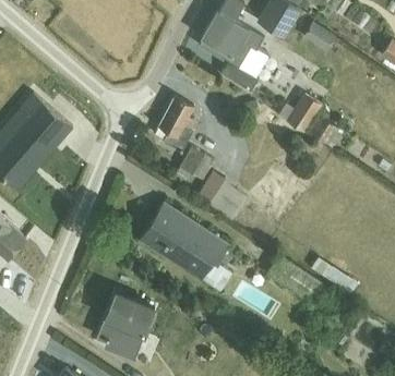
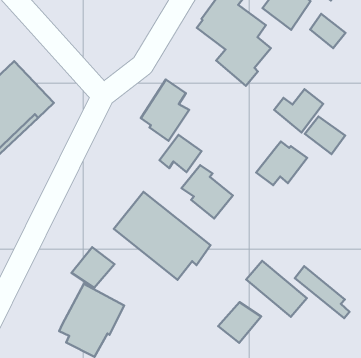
building: none -> [256,142,307,185]
building: none -> [71,247,115,288]
building: none -> [218,302,261,343]

